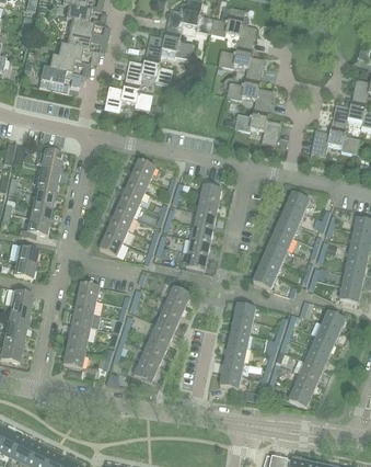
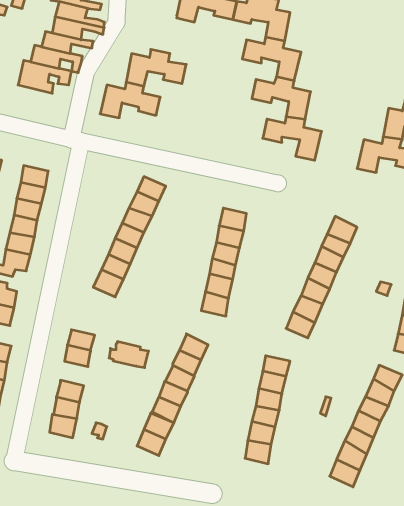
building: [144,29,193,60] -> none
building: [69,307,101,328] -> [109,342,149,368]

